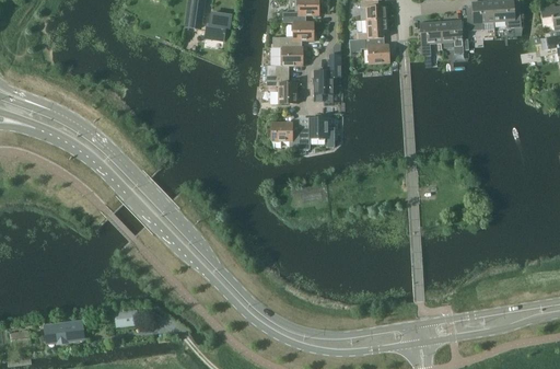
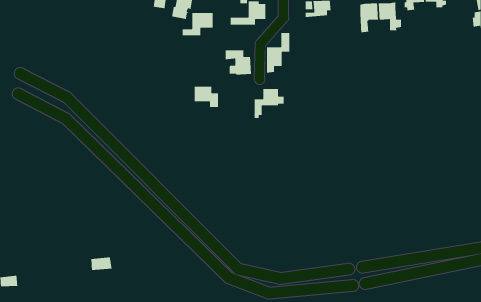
building: [358,35,390,62] -> none
building: [267,46,303,73] -> [182,12,214,36]
building: [271,122,300,147] -> [194,86,219,108]
building: [45,320,83,342] -> none

